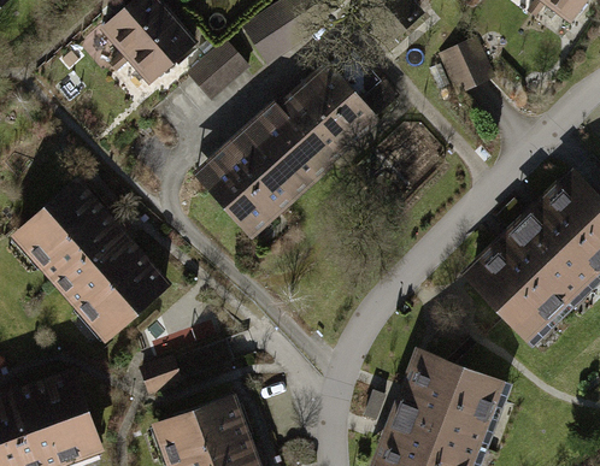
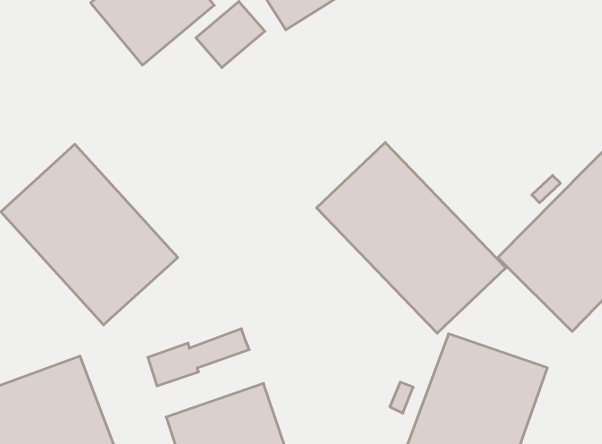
building: [439,43,486,94] -> none
building: [188,58,400,240] -> none
building: none -> [317,142,506,333]

